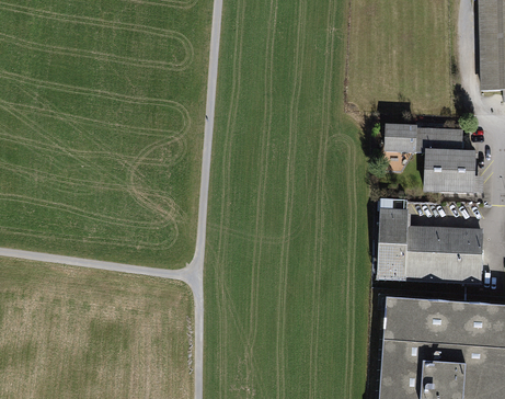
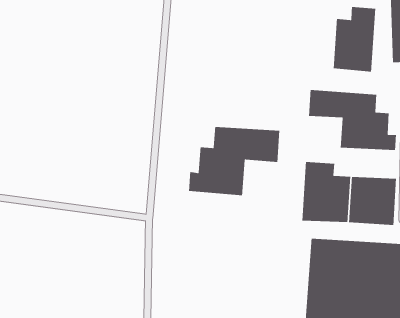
building: none -> [333,6,376,73]
building: none -> [188,126,280,196]

